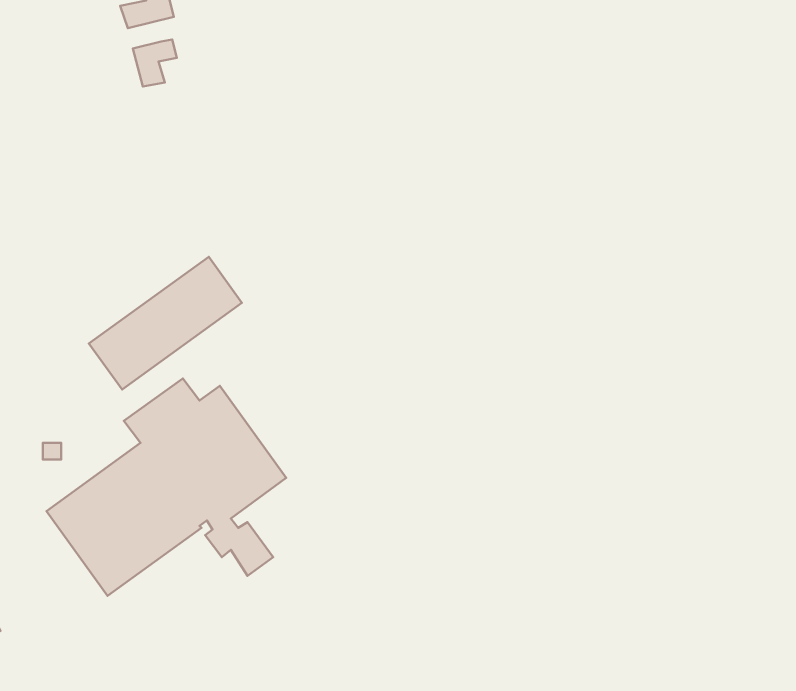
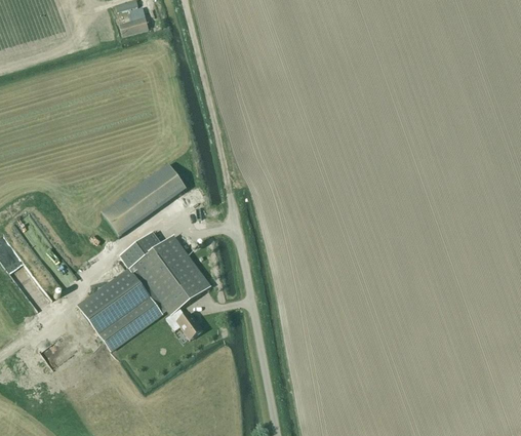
building: [133,39,177,86] -> none

